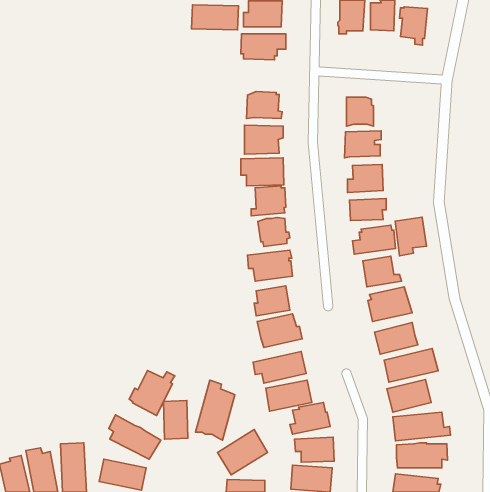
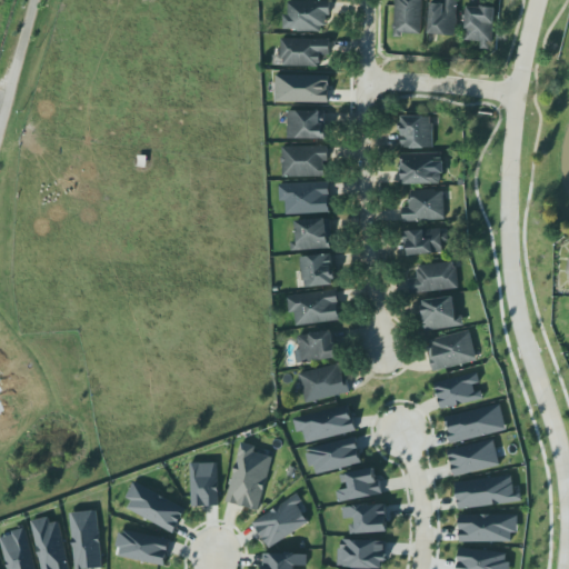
building: [191,5,239,30] -> [273,74,328,103]
building: [395,217,426,256] -> none
building: [129,370,175,415] -> none

